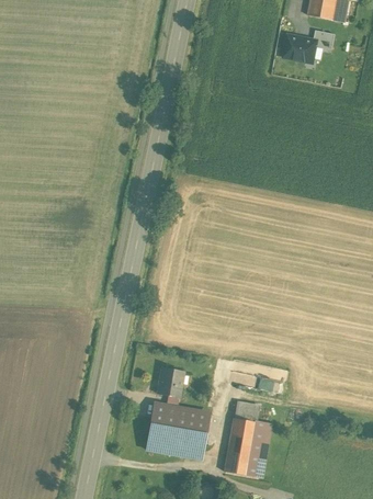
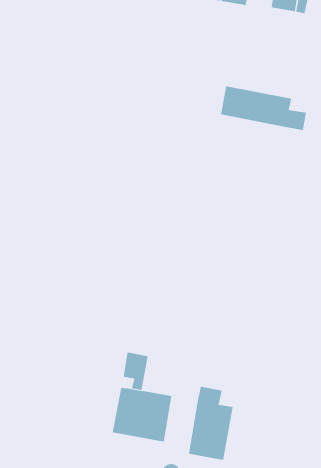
building: [284,36,316,64] -> none
building: none -> [220,86,307,131]

